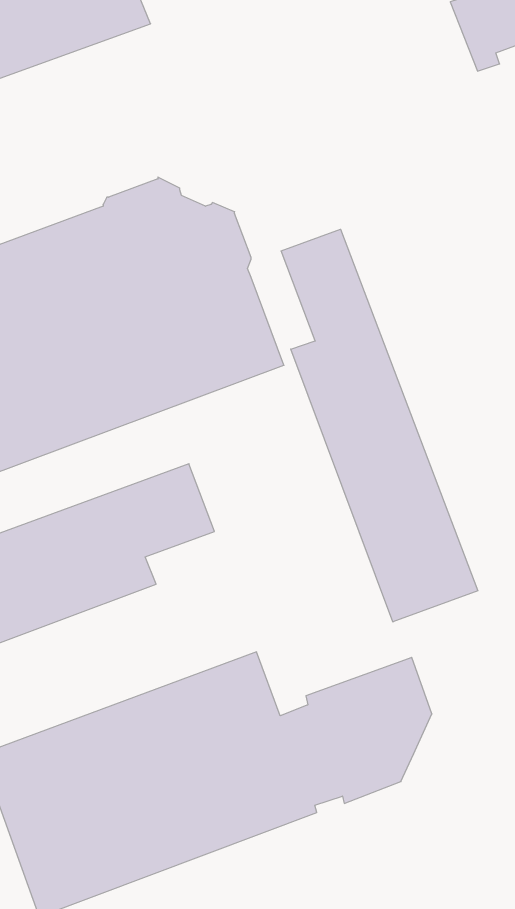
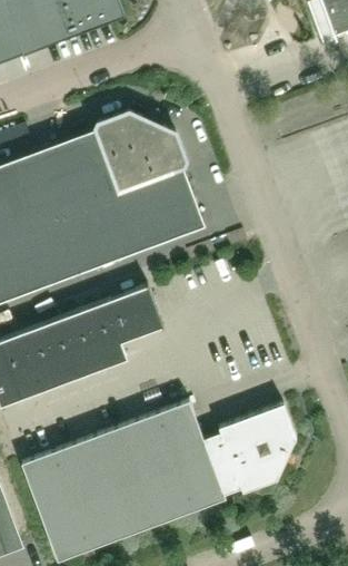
building: [281,229,478,622] -> none

